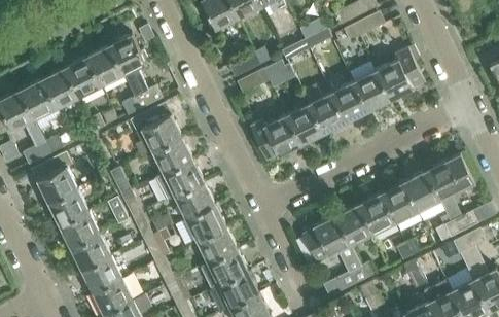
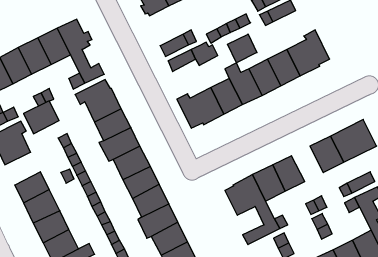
building: none -> [228,34,257,63]
building: [380,182,417,223] -> none
building: [47,189,88,227] -> [24,101,59,134]

